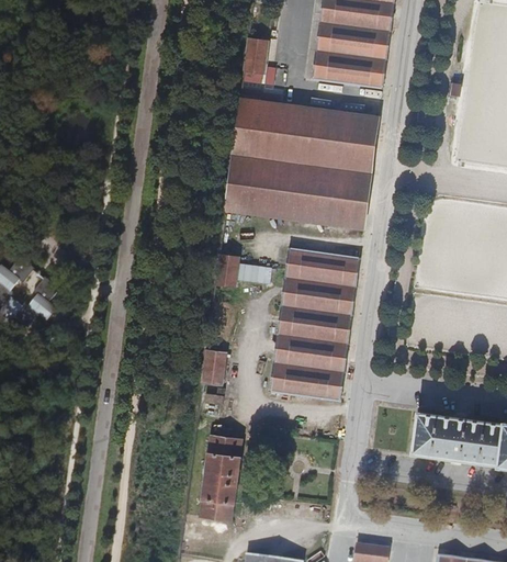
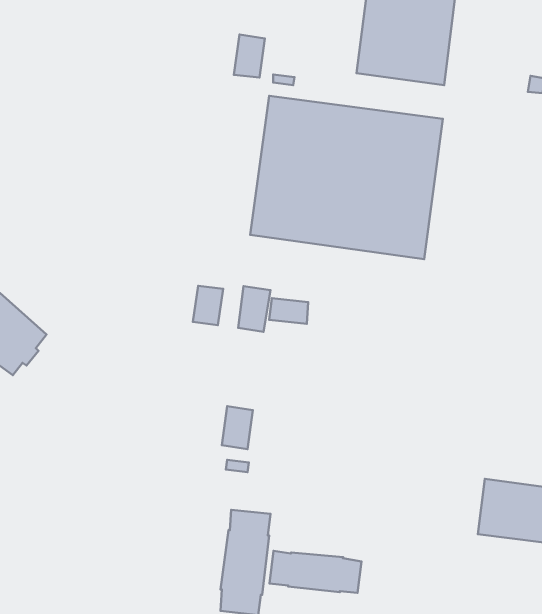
building: [244,37,269,72] -> [234,34,265,78]
building: [269,247,360,401] -> none
building: none -> [193,286,223,325]
building: none -> [269,551,361,593]

